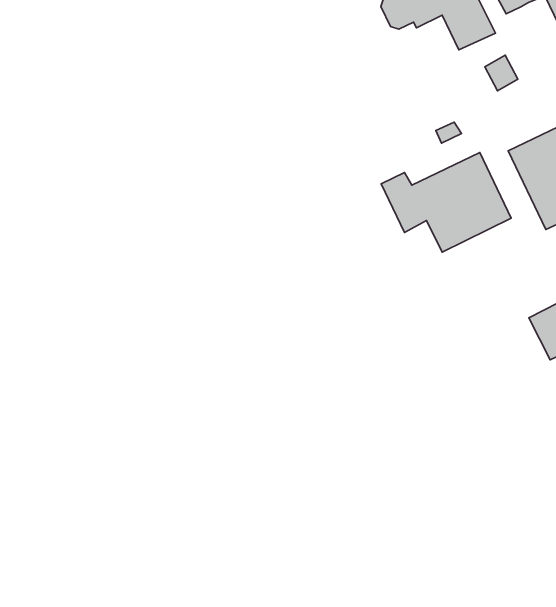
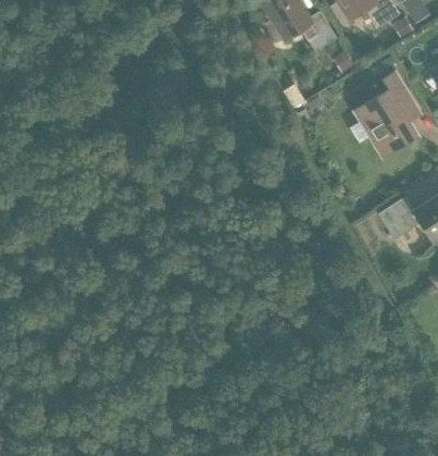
building: [381,153,511,252] -> none

